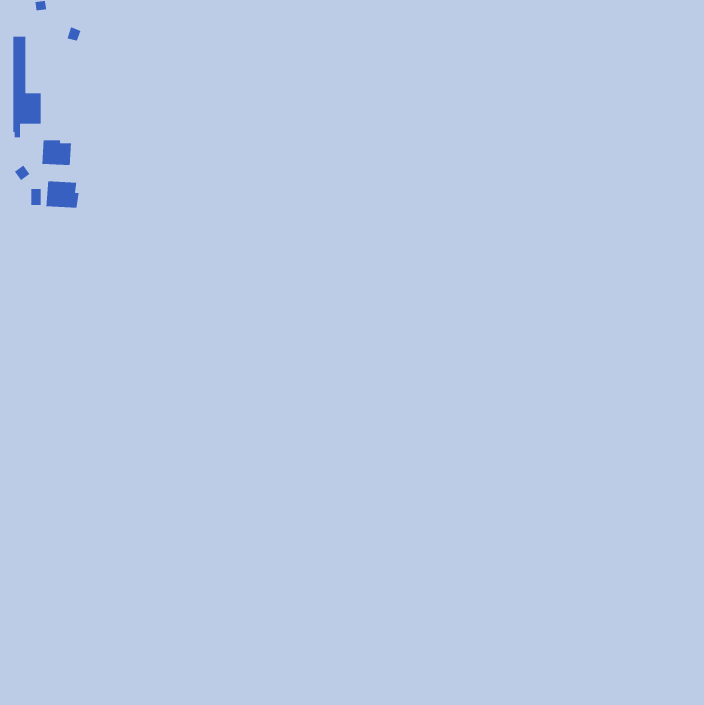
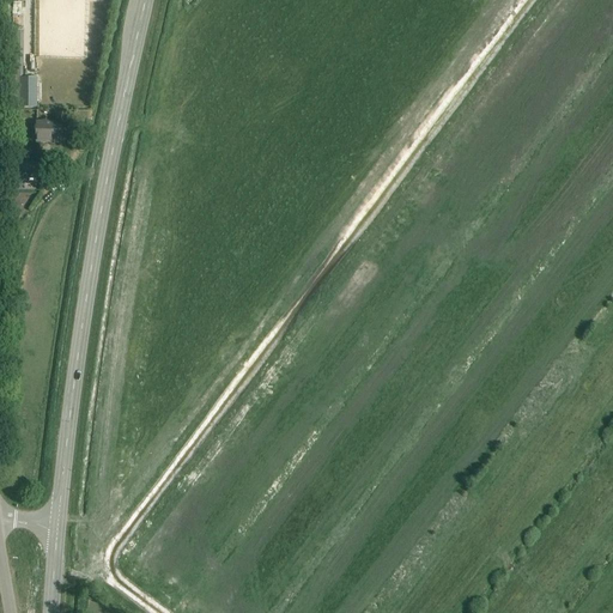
building: [46,181,79,209] -> none

